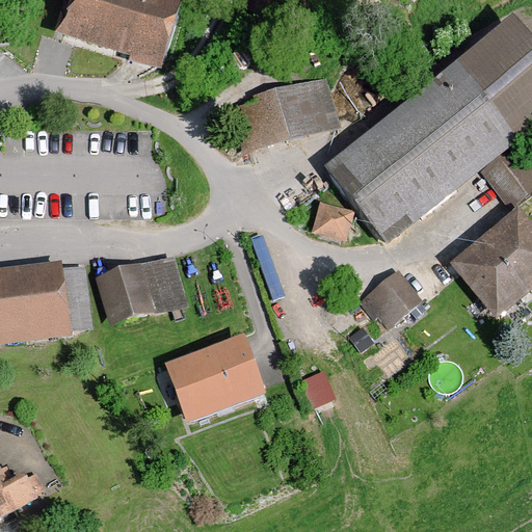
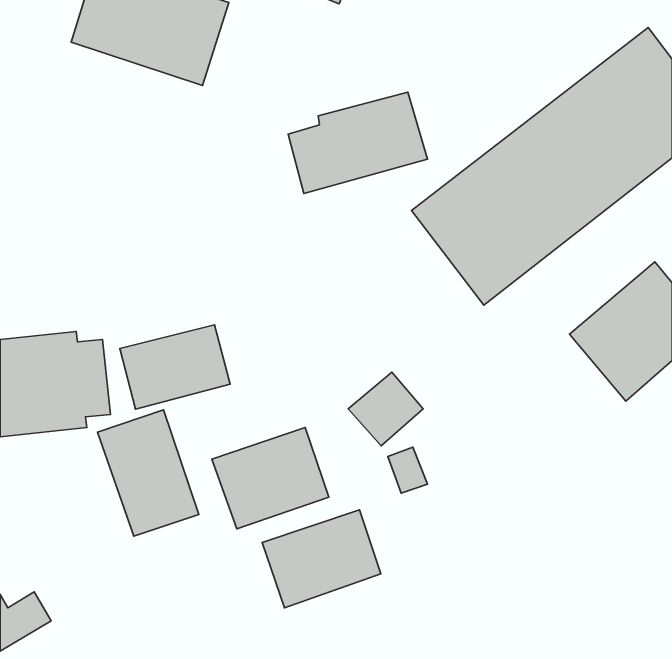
building: [312,202,350,238] -> none
building: [361,267,420,325] -> [348,372,423,446]
building: none -> [97,410,199,536]
building: none -> [262,510,381,608]

